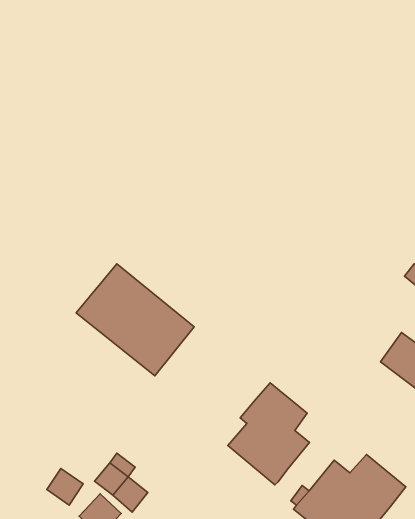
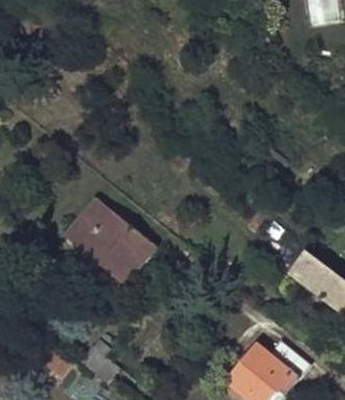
building: [228,383,309,485] -> none

